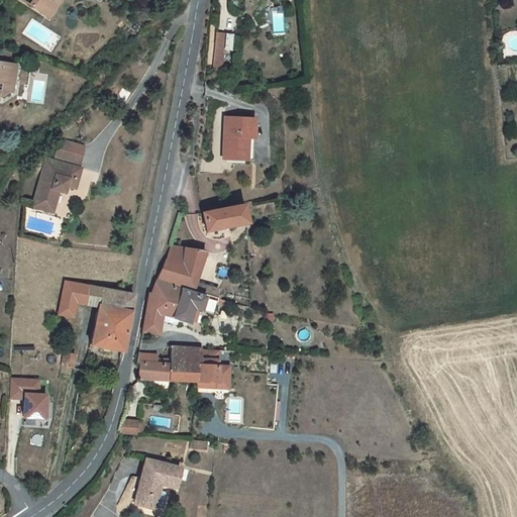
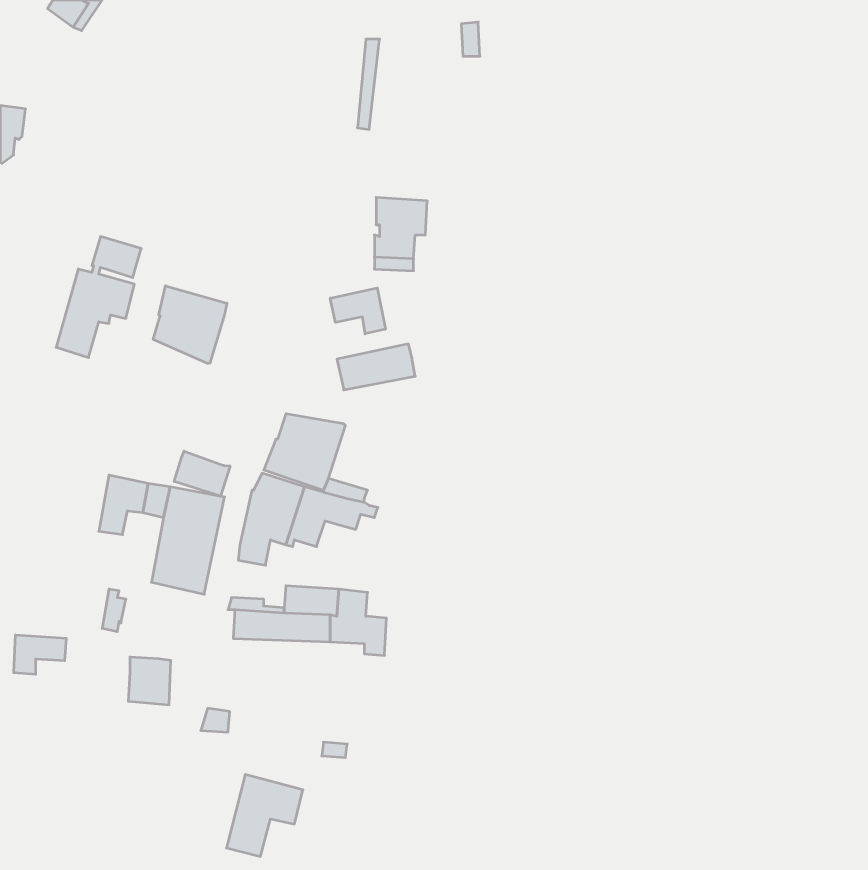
building: none -> [153,286,227,363]
building: none -> [330,288,385,334]
building: none -> [174,451,230,496]
building: [21,391,46,419] -> [128,657,171,705]

